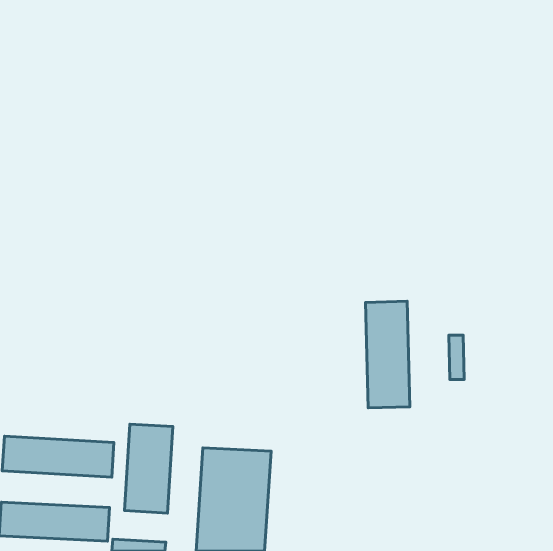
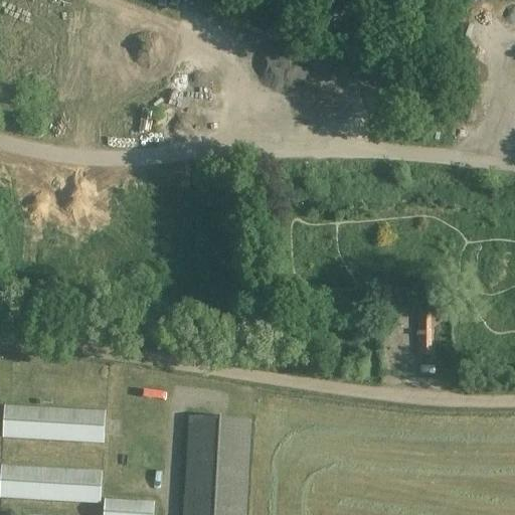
building: [365,301,410,408] -> none
building: [125,424,173,513] -> none

